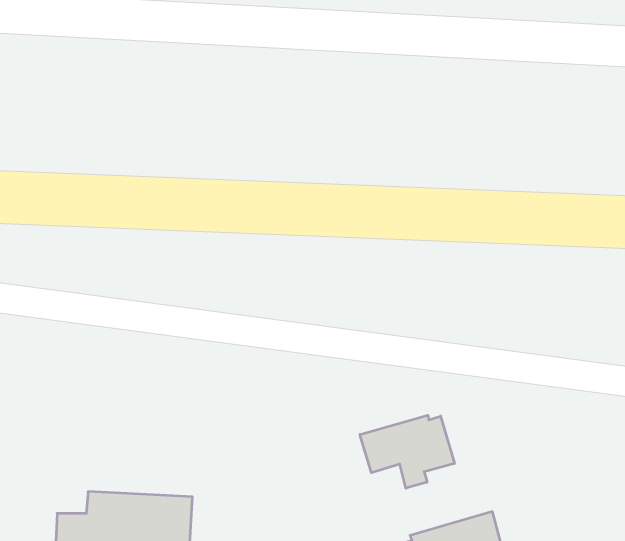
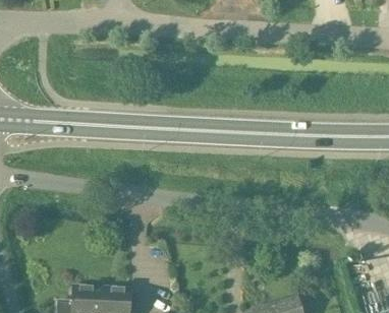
building: [360,415,454,488] -> none

